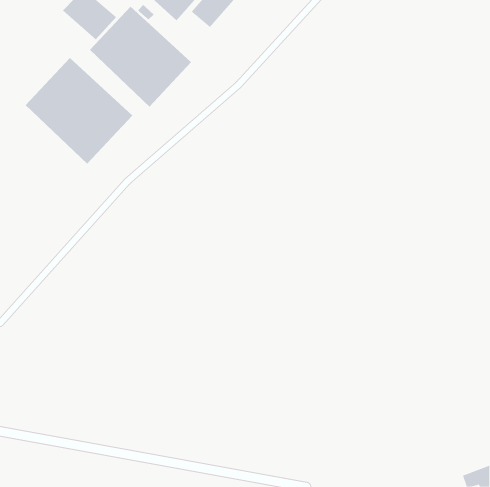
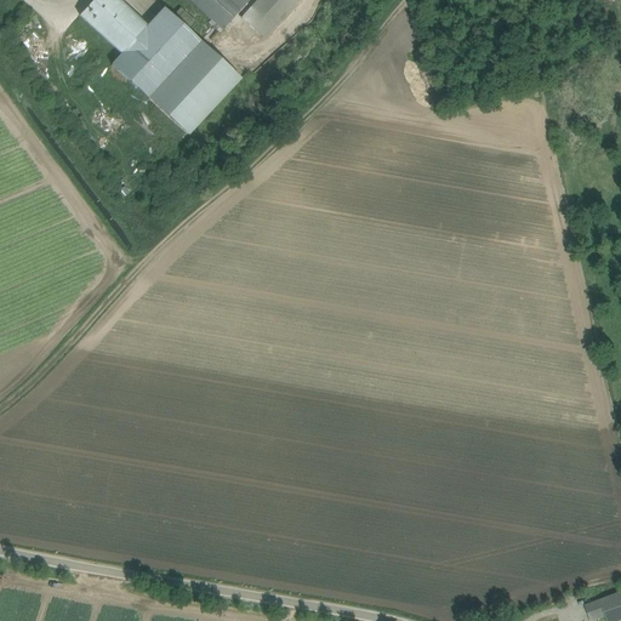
building: [25,57,133,164] -> none

